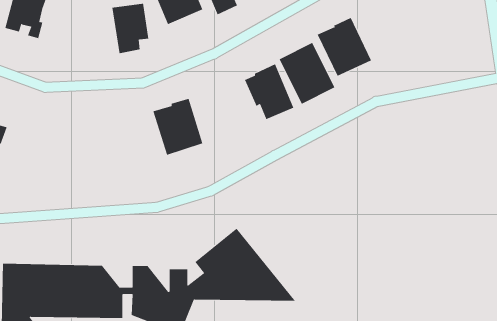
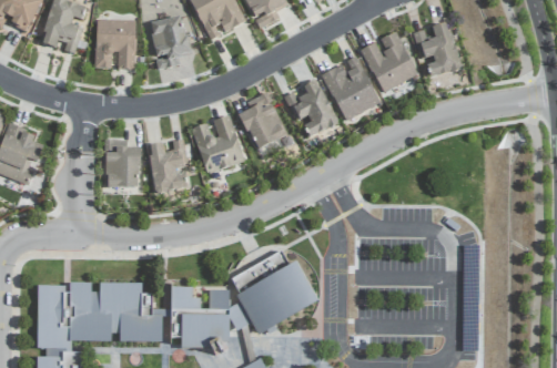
building: none -> [94,19,135,69]
building: none -> [415,22,462,78]
building: none -> [240,92,286,149]
building: none -> [148,139,186,192]
building: none -> [104,140,140,187]

